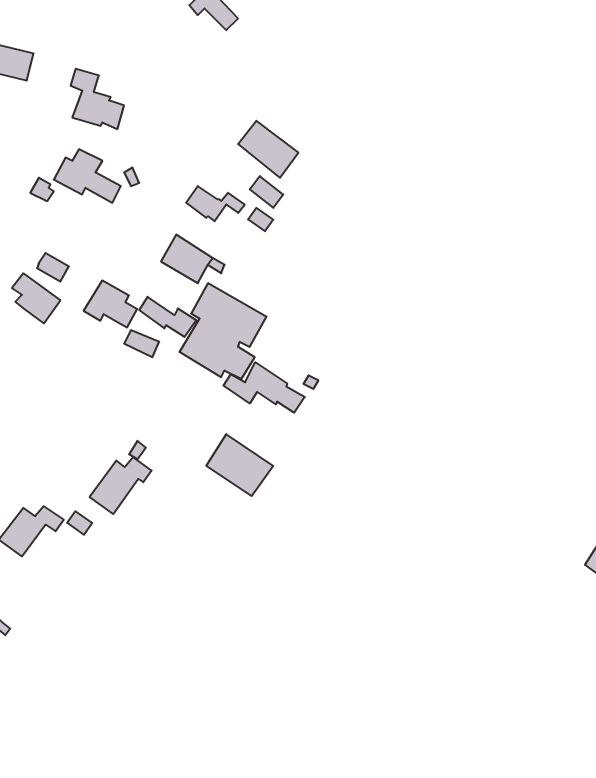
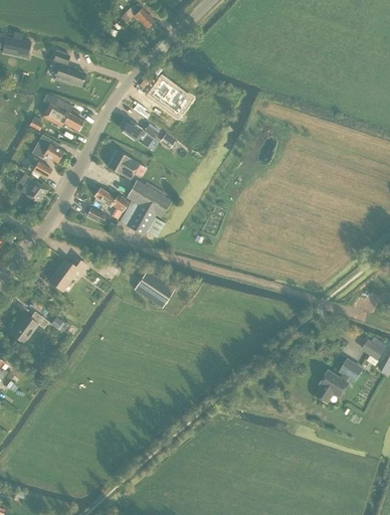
building: [84,281,137,327] -> [31,134,63,162]
building: [224,362,305,413] -> none
building: [90,457,152,514] -> [49,256,86,291]
building: none -> [317,359,362,401]

